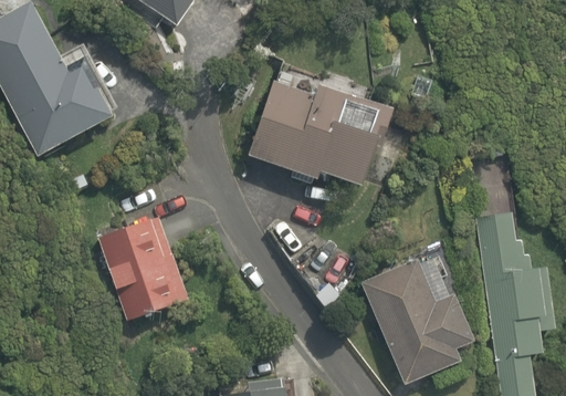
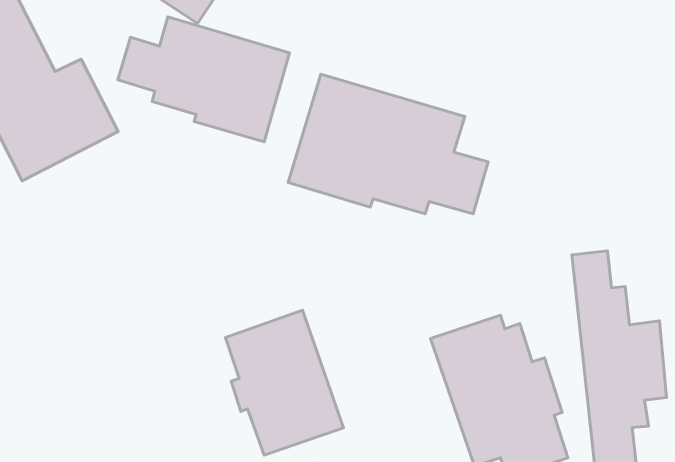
building: none -> [118,17,290,142]
building: [98,208,193,325] -> [226,310,344,455]

